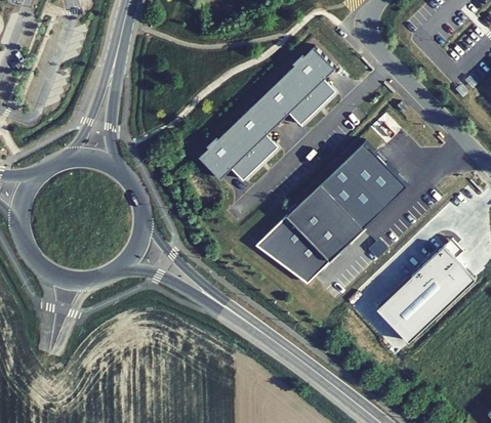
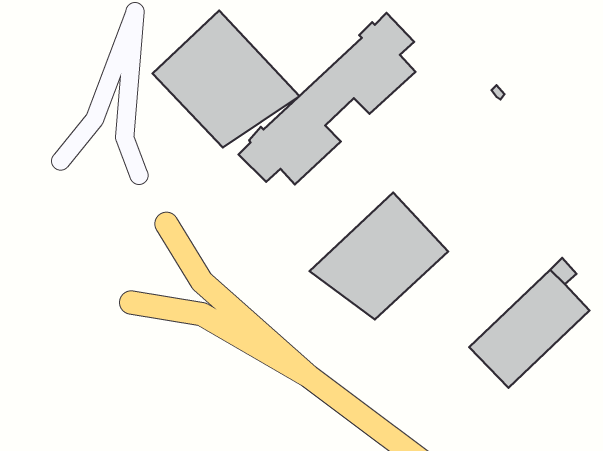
building: none -> [152,11,299,148]
building: [318,142,407,232] -> none

